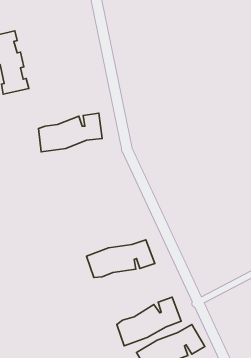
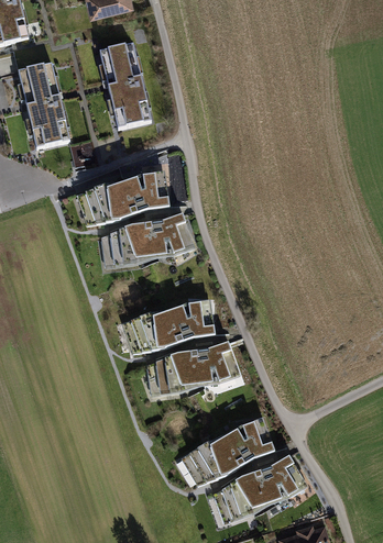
building: none -> [99,43,151,126]
building: none -> [100,212,192,263]
building: none -> [128,300,212,351]

